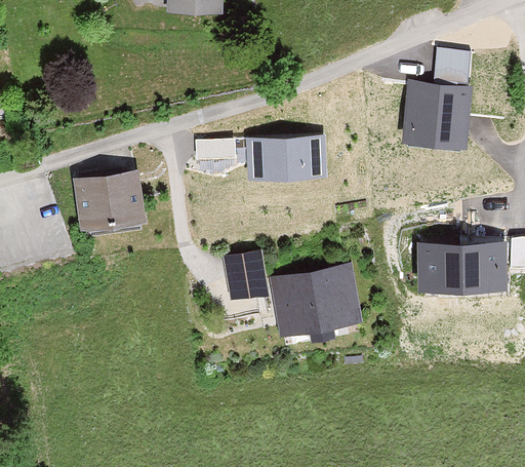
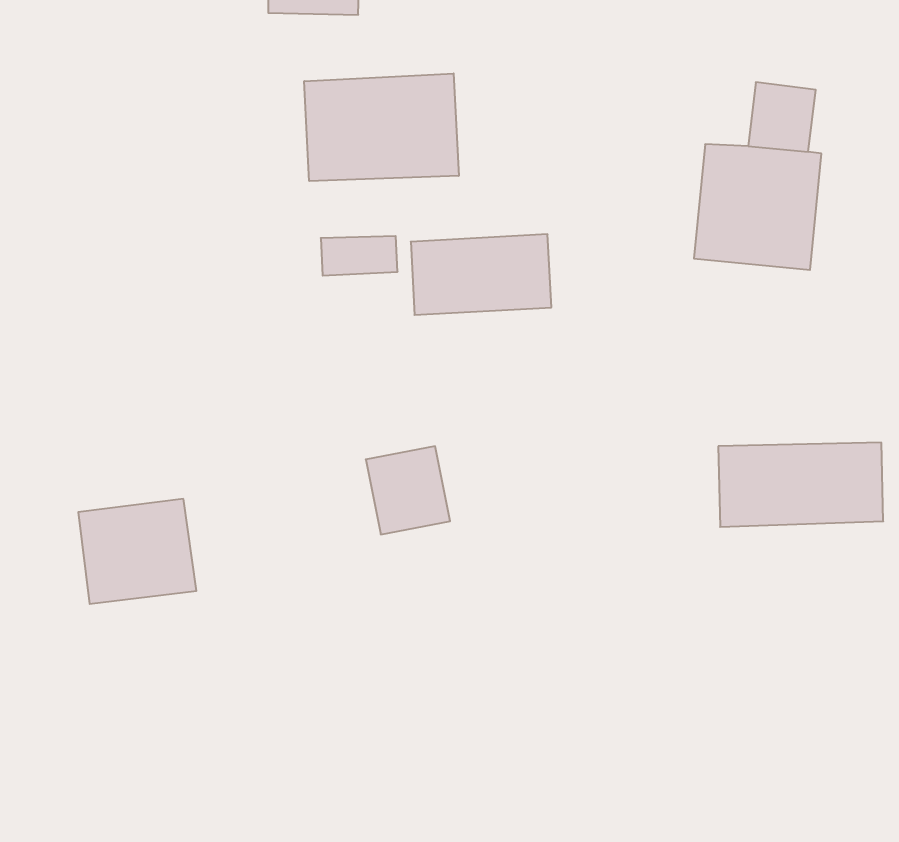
building: none -> [304,73,459,181]
building: [77,169,142,227] -> [78,499,196,604]
building: [275,265,360,336] -> none

